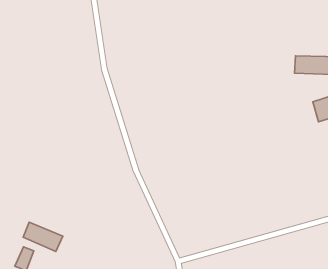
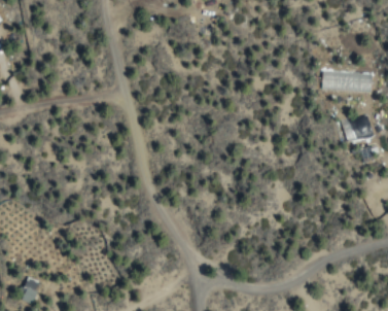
building: [23,222,63,252] -> none

